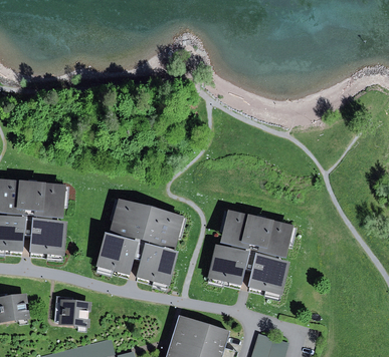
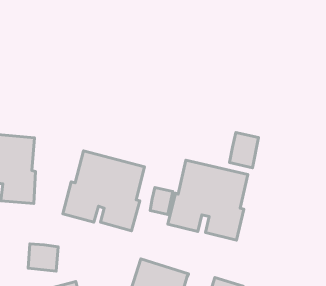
building: none -> [230,132,259,168]
building: none -> [150,188,173,215]

